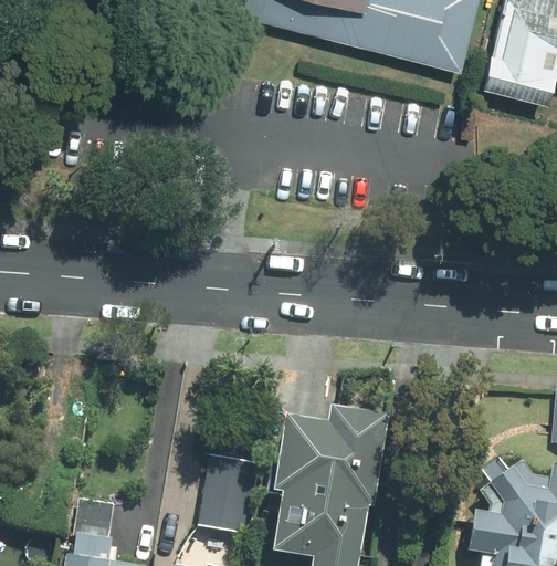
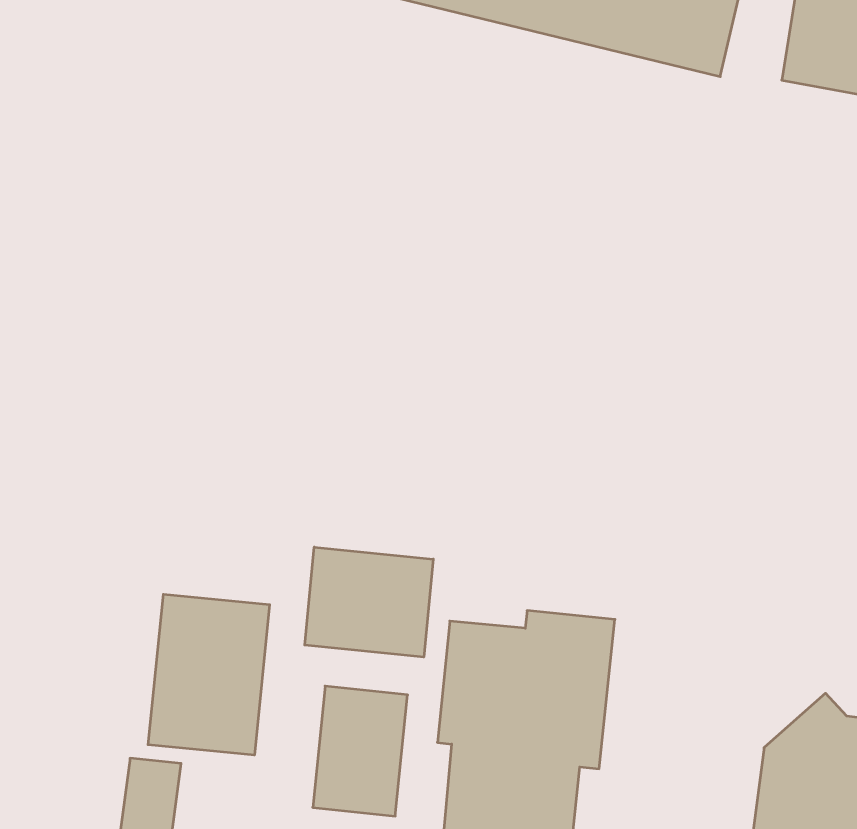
building: none -> [305,547,433,657]
building: none -> [148,594,270,755]

